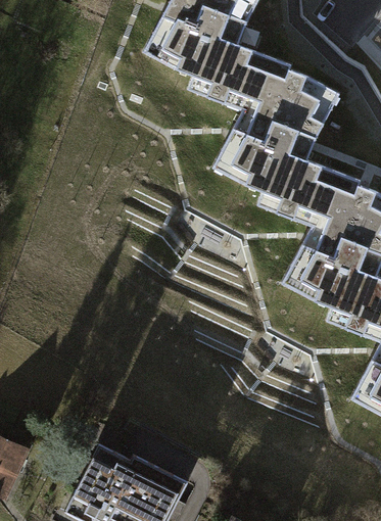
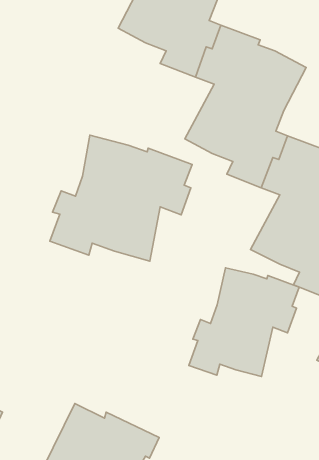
building: none -> [50,135,192,261]
building: none -> [189,268,299,376]

